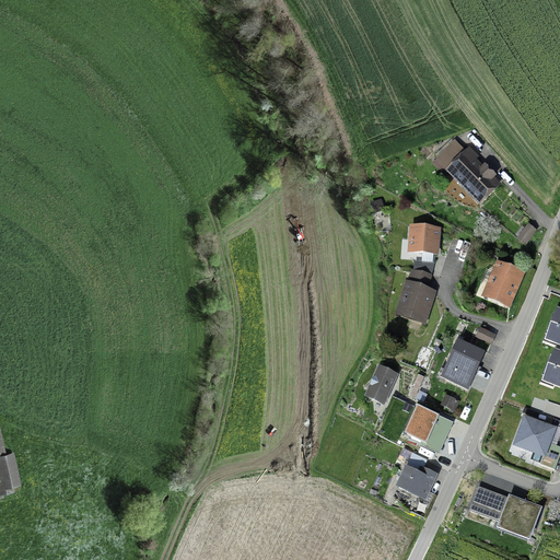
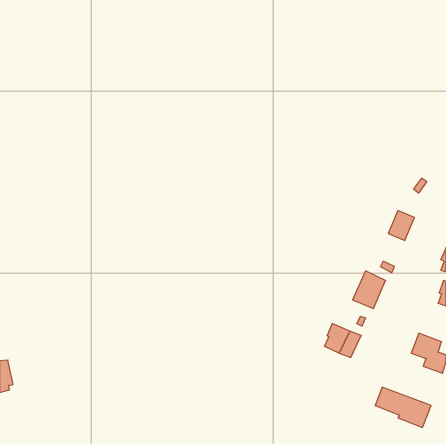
building: [438,140,494,198] -> none
building: [409,225,436,250] -> none
building: [398,270,431,318] -> none
building: [366,366,394,400] -> none
building: [397,452,434,497] -> none

